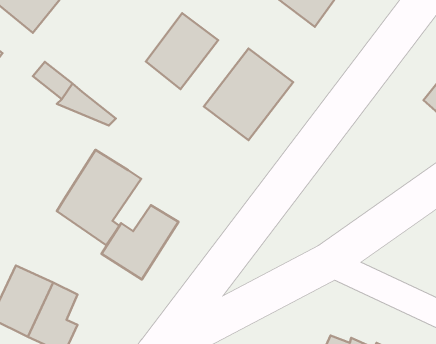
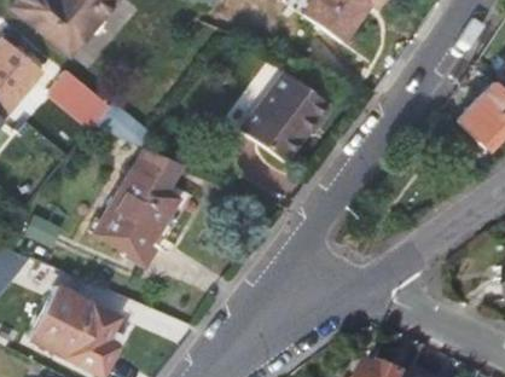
building: [146,13,218,89] -> none
building: none -> [130,147,181,191]
building: [102,205,178,279] -> none

